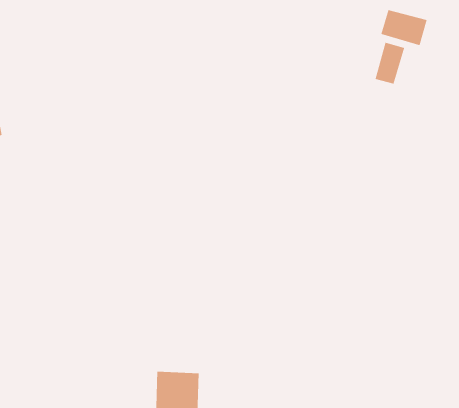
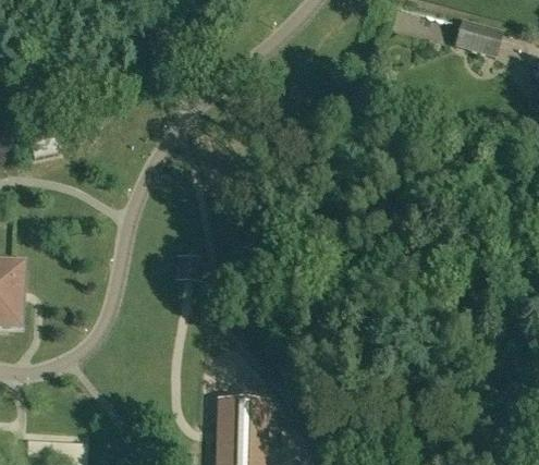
building: [375,42,405,85] -> none

